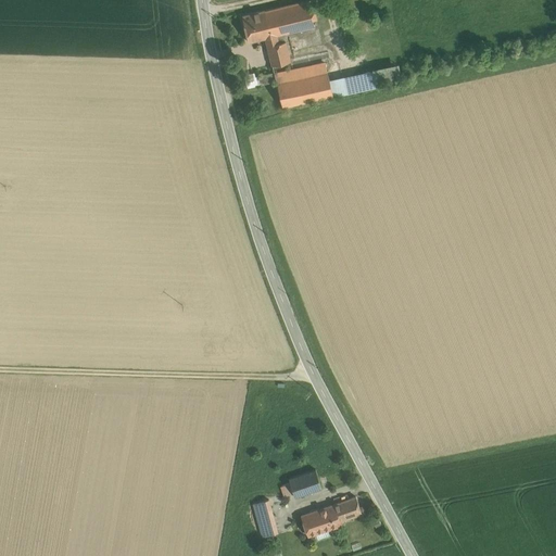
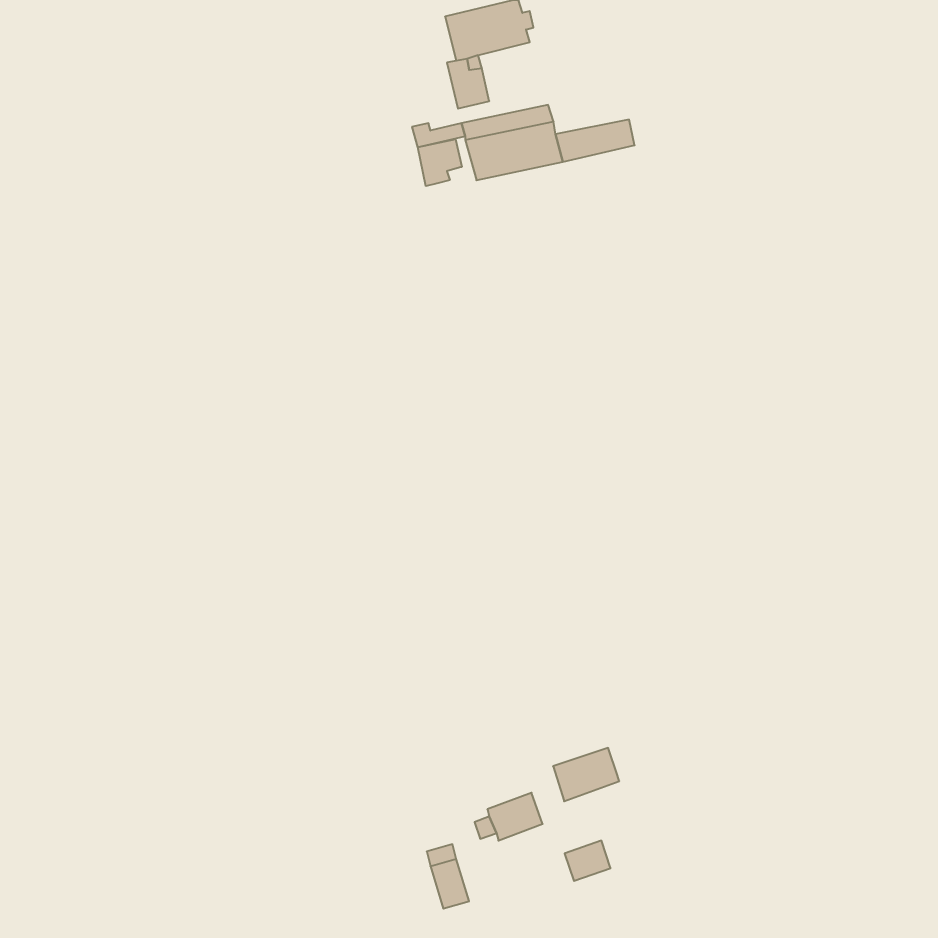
building: [242,11,269,42] -> none
building: none -> [418,139,462,186]
building: [301,505,340,536] -> [553,748,619,801]

